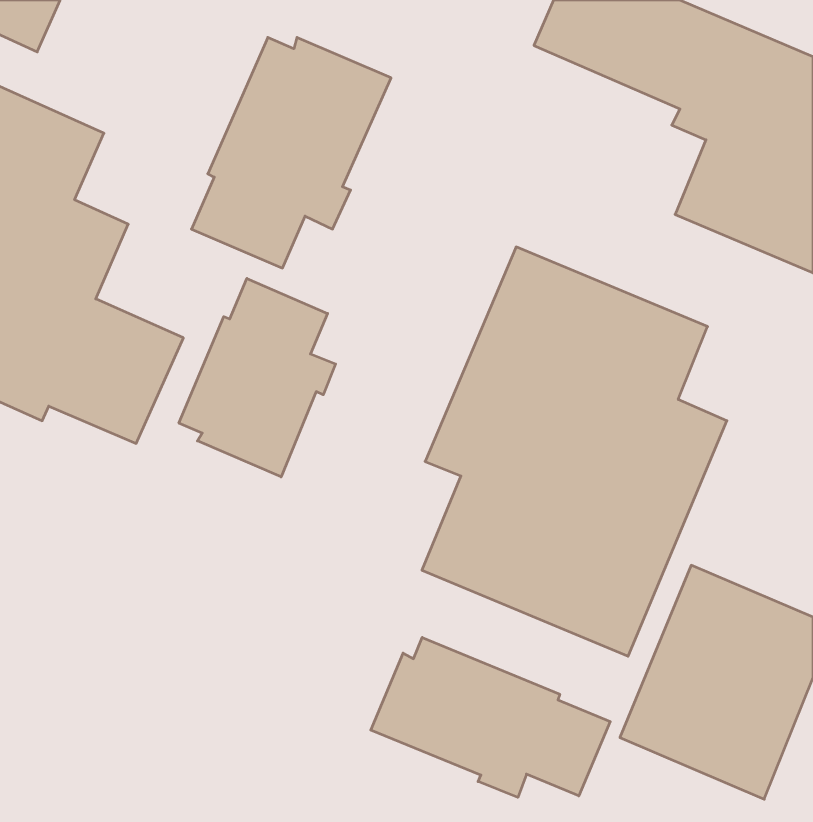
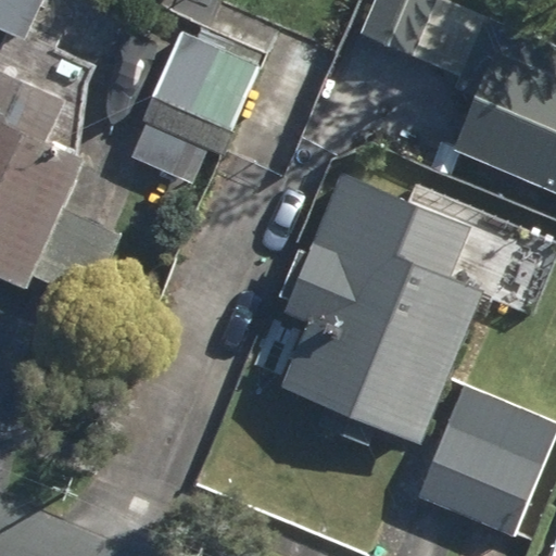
building: [179,278,336,477] -> none
building: [371,637,610,797] -> none

